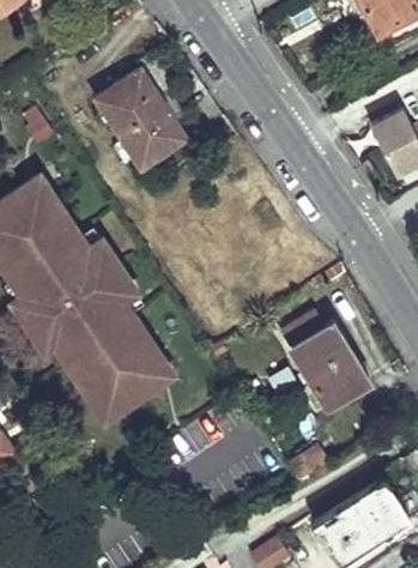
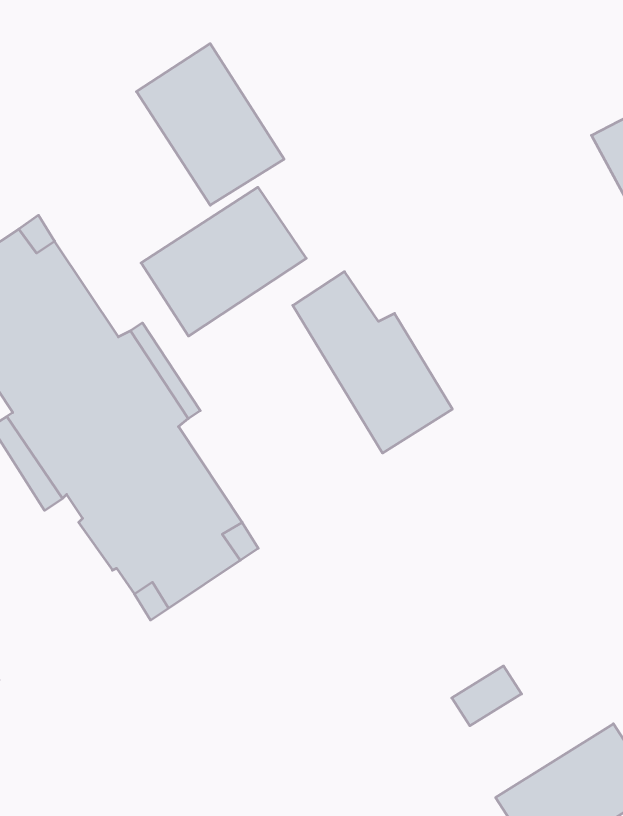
building: none -> [141,187,306,336]
building: [273,300,369,409] -> [293,272,452,453]

